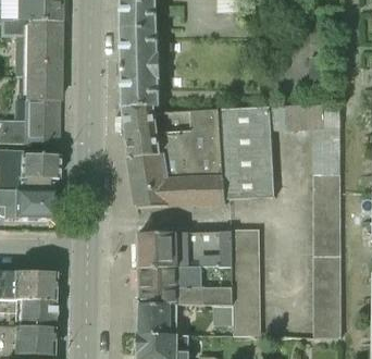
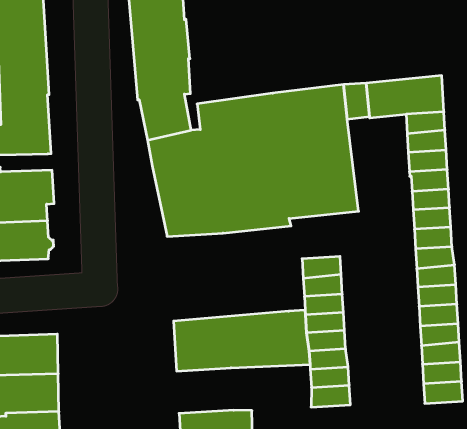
building: [137,231,220,267] -> none
building: [137,302,176,333] -> none

